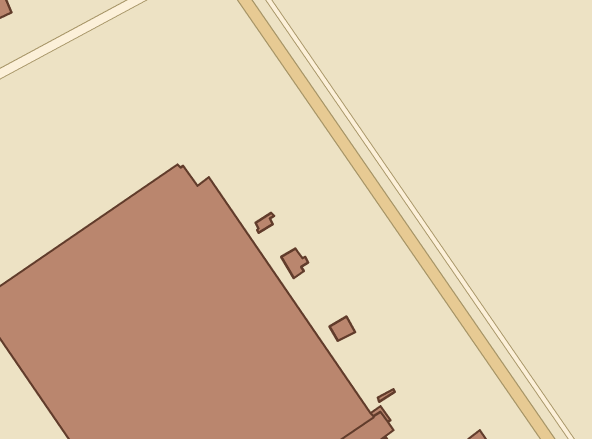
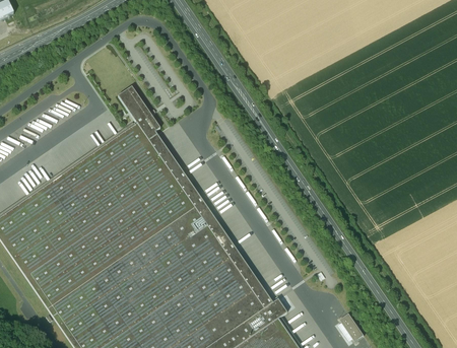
building: none -> [118,87,159,138]

